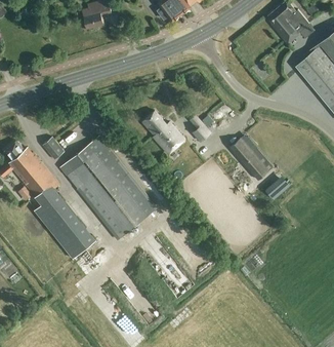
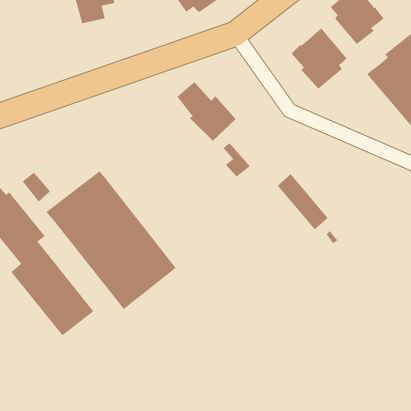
building: none -> [291,28,348,90]
building: [141,111,185,155] -> [176,82,236,142]

